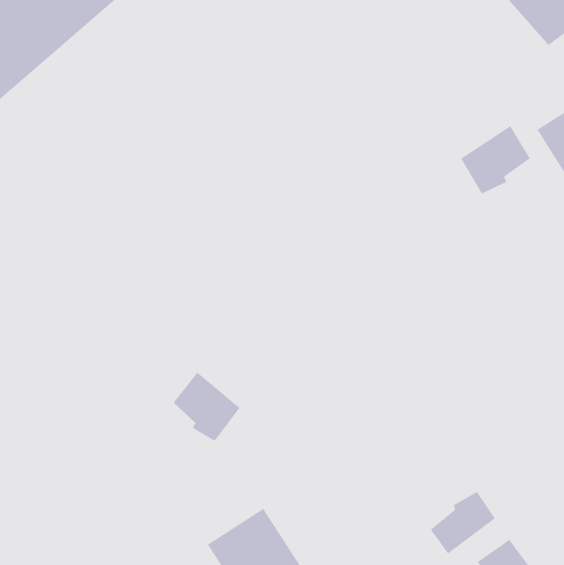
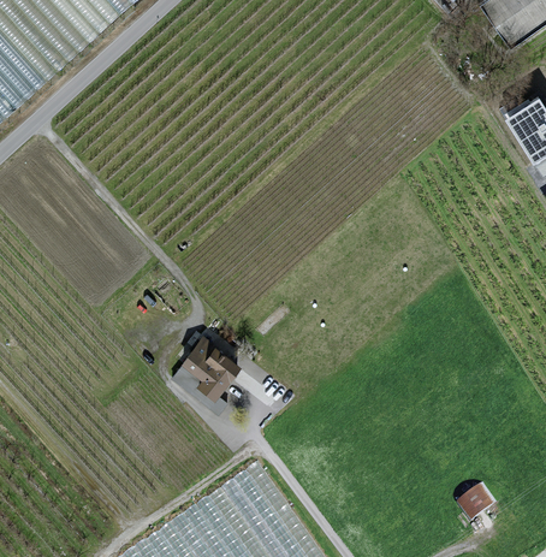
building: [460,125,531,194] -> none
building: [430,491,496,555] -> none

